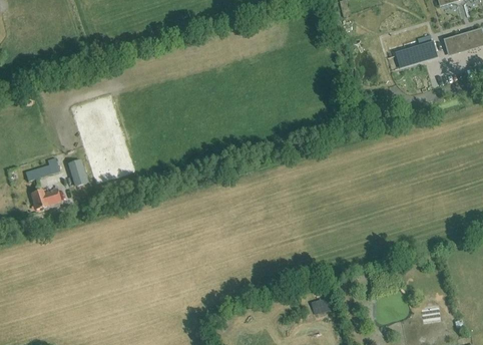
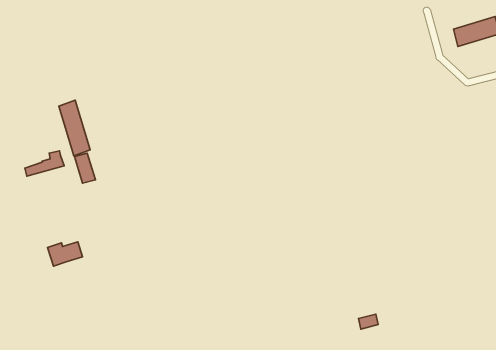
building: none -> [59,100,90,156]
building: [30,188,60,209] -> [48,242,82,266]

